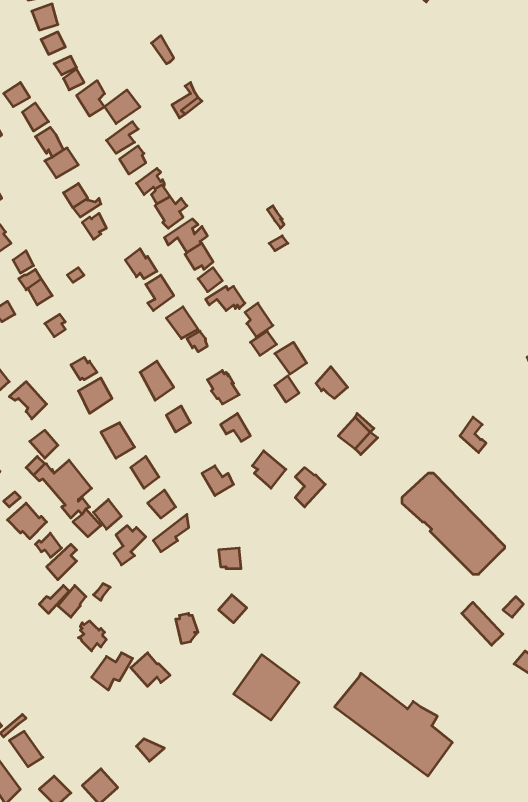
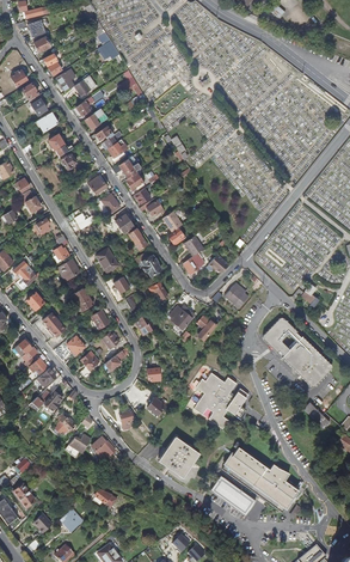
building: none -> [194,372,246,428]
building: none -> [208,476,254,517]

